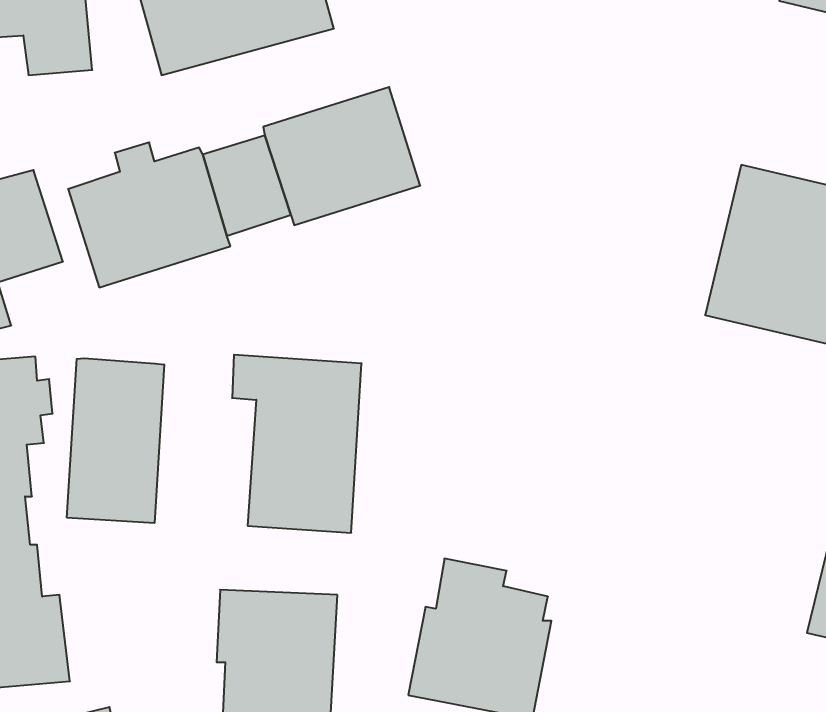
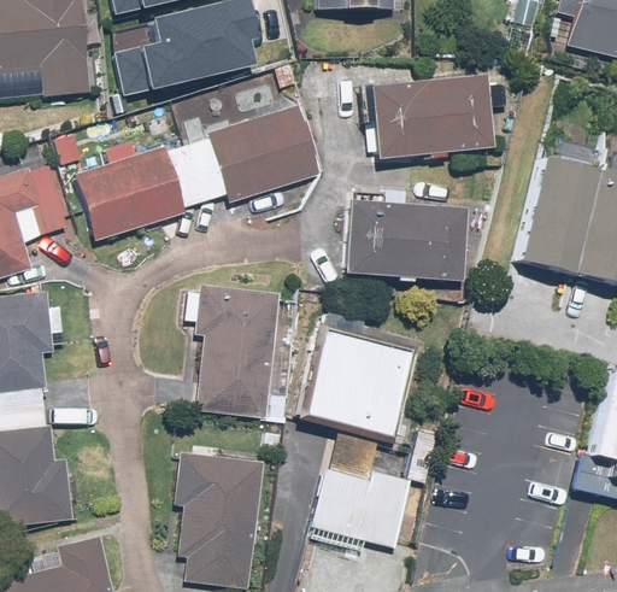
building: none -> [369,74,493,159]
building: none -> [340,197,468,279]
building: [67,358,164,523] -> none
building: none -> [305,311,412,439]

